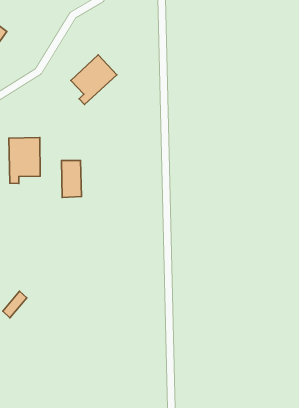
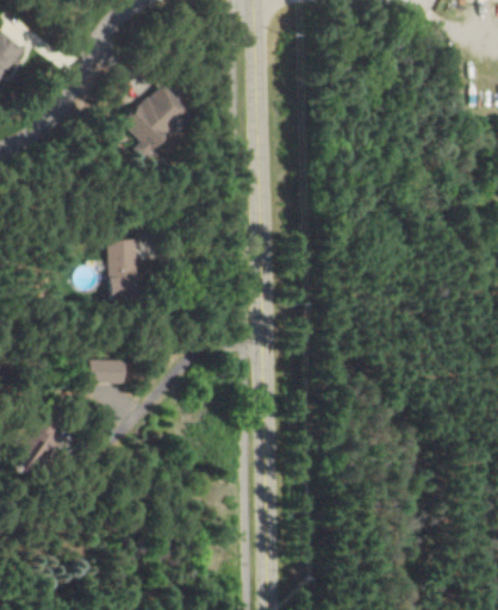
building: [9,138,40,183] -> none
building: none -> [89,360,127,382]

